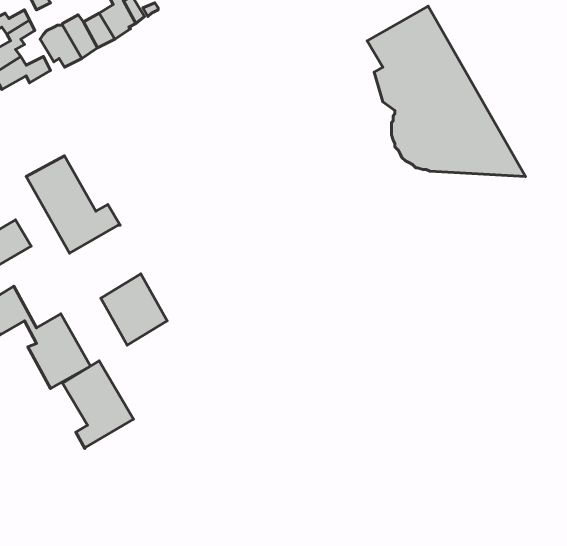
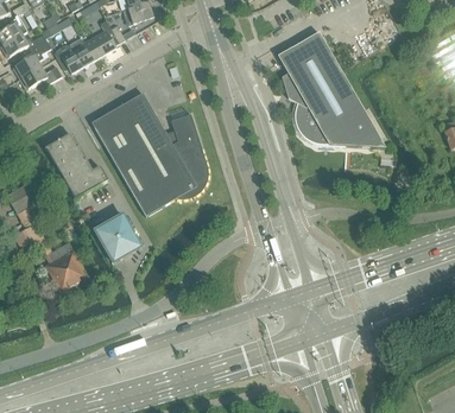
building: none -> [91,93,208,215]
building: [62,361,134,448] -> none

